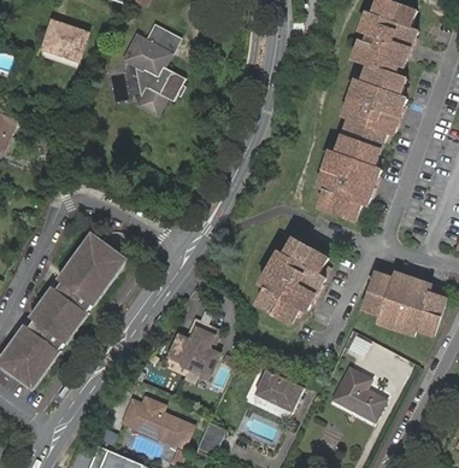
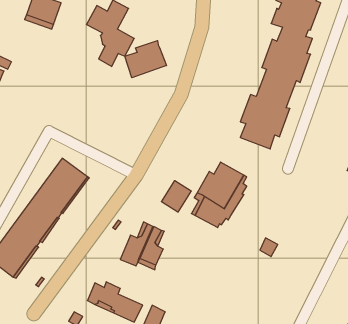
building: none -> [125,41,166,78]
building: none -> [161,181,191,212]
building: [364,273,446,335] -> none
building: [330,368,383,422] -> none
building: [253,369,301,411] -> none

